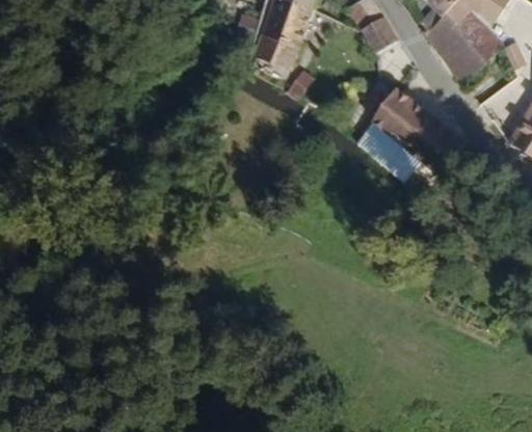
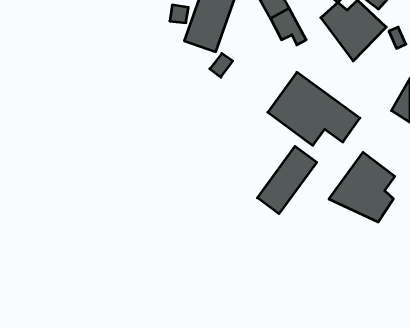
building: none -> [257,146,317,214]
building: none -> [329,152,395,222]

